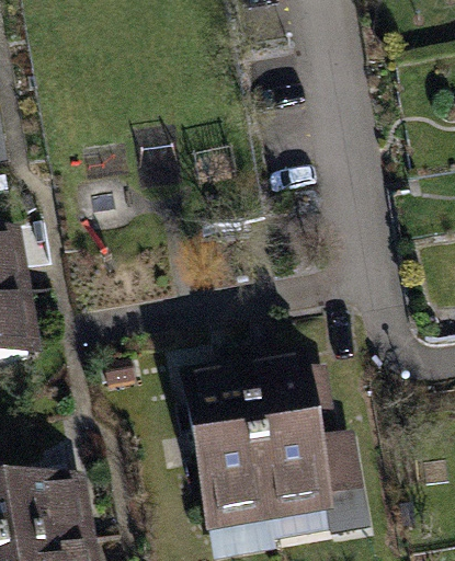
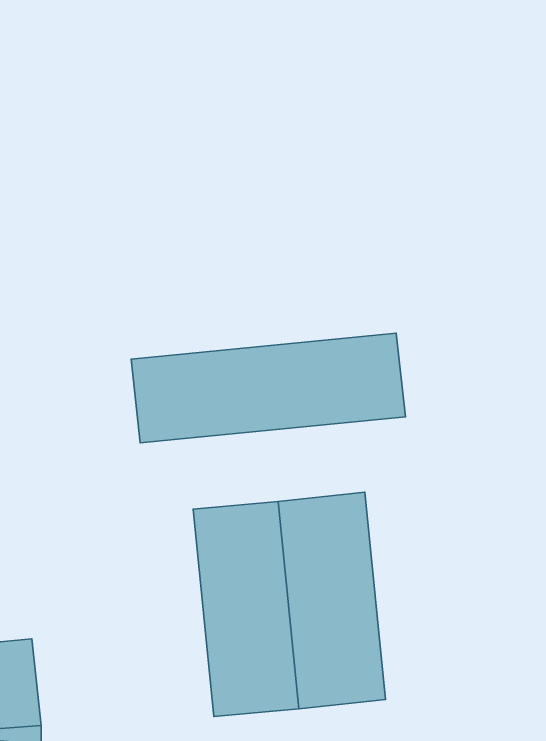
building: none -> [131,333,405,443]

